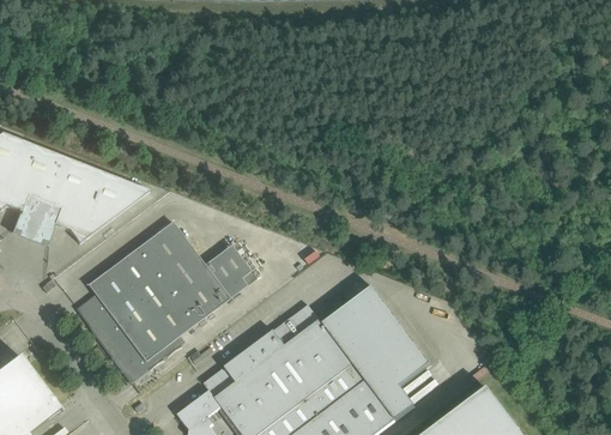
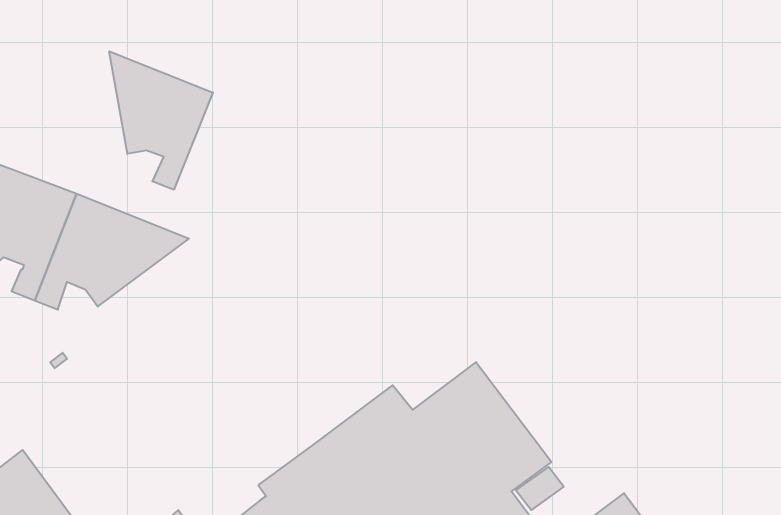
building: none -> [109,51,213,190]
building: [75,219,255,381] -> none

